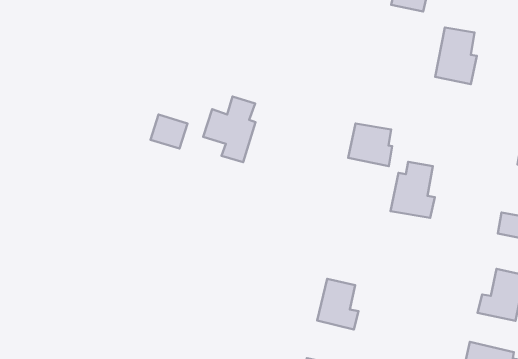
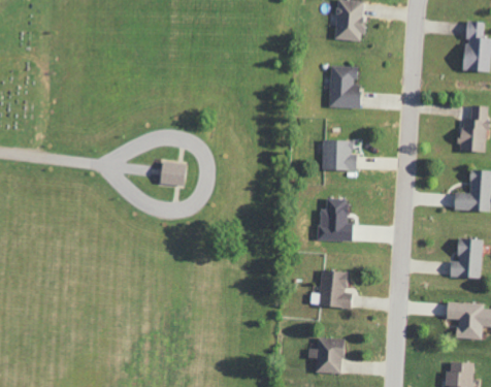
building: [435,27,477,84] -> [330,66,361,108]
building: [203,97,255,162] -> none
building: [391,162,435,218] -> [319,198,353,240]

